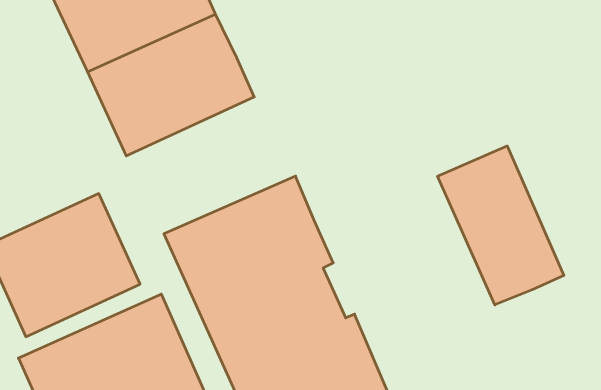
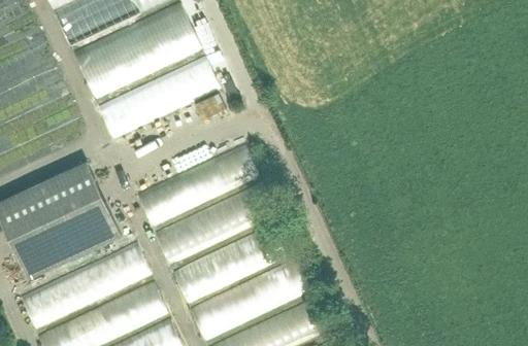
building: [438,146,564,305] -> none

